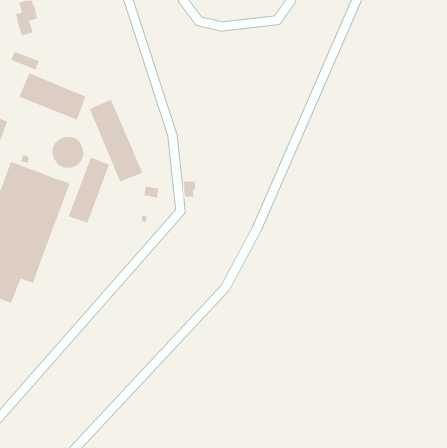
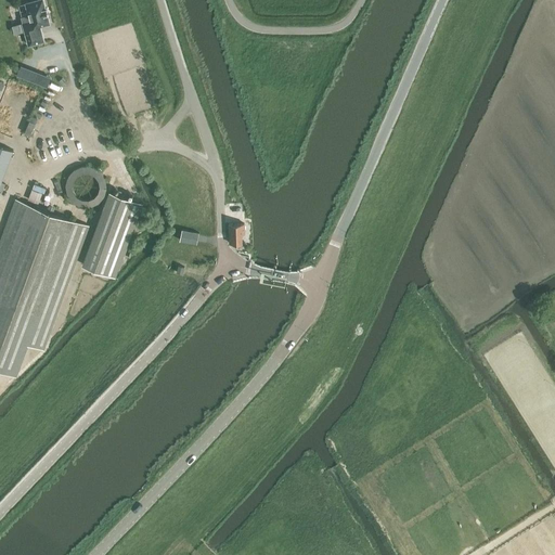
building: [19,73,86,120] -> none
building: [89,99,143,182] -> none

